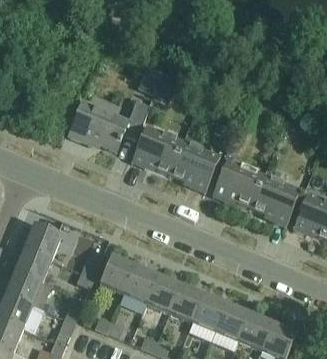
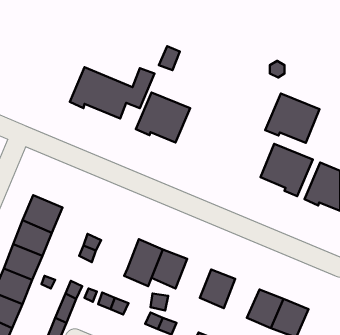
building: [169,140,219,191] -> none
building: [211,159,263,206] -> [265,94,320,143]
building: [99,255,134,293] -> none
building: [169,284,203,321] -> none
building: [215,303,249,340] -> none

